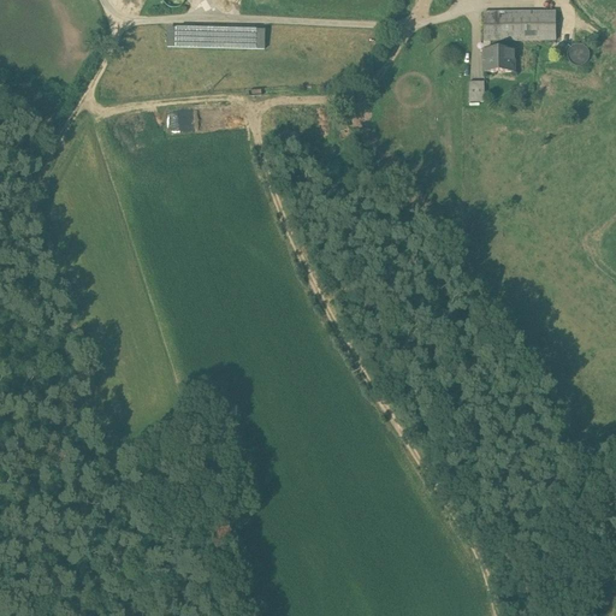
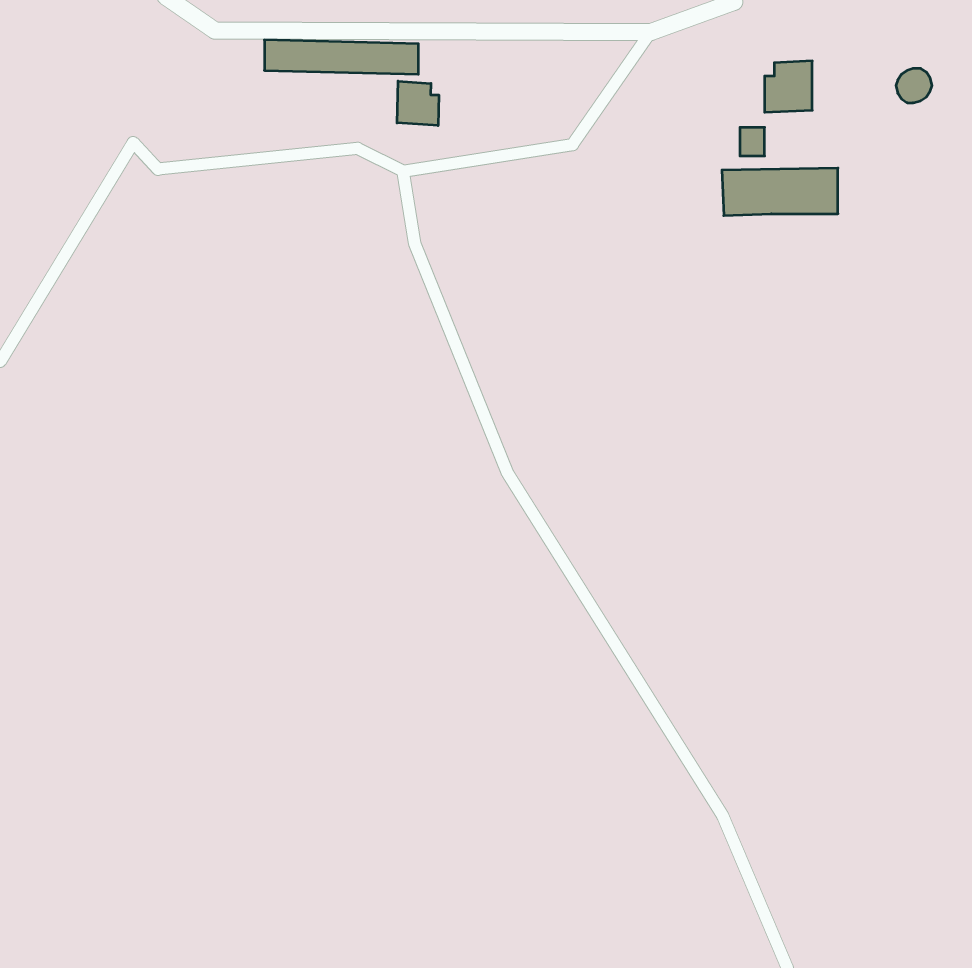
building: [482,10,556,40] -> [722,168,838,216]
building: none -> [397,81,439,126]

